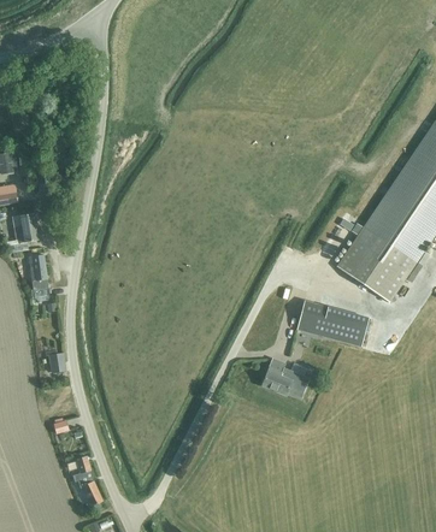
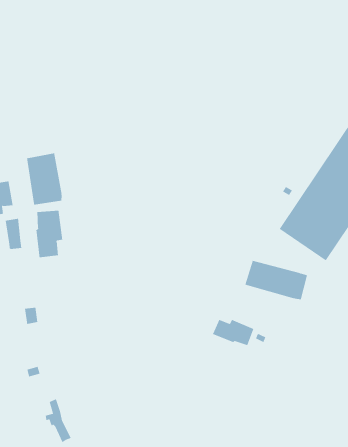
building: none -> [26,152,62,205]
building: none -> [36,210,63,258]

